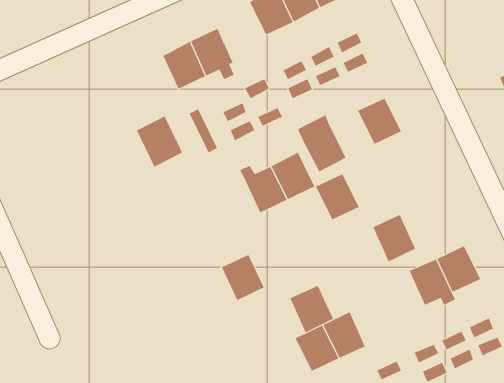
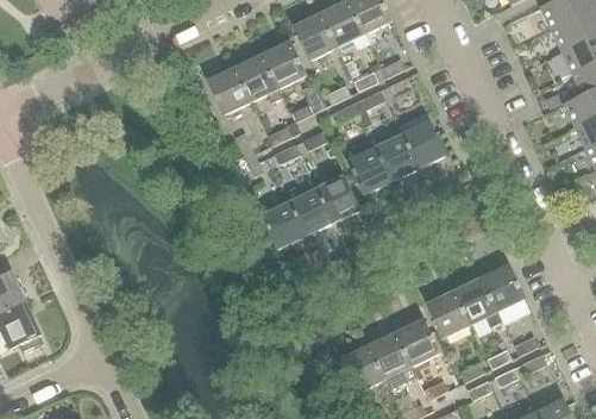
building: none -> [265,37,308,85]
building: [136,116,183,168] -> none
building: [315,173,360,220] -> [376,132,420,179]
building: [373,214,416,262] -> [427,290,470,338]
building: [221,254,264,301] -> [264,200,307,246]
building: [289,285,334,333] -> [396,318,440,365]

